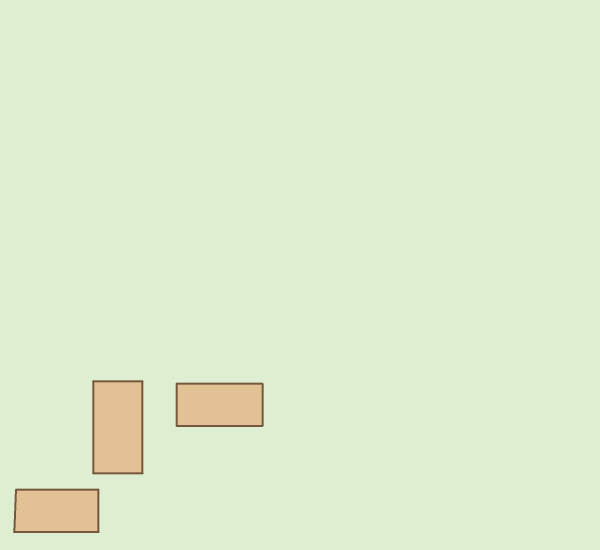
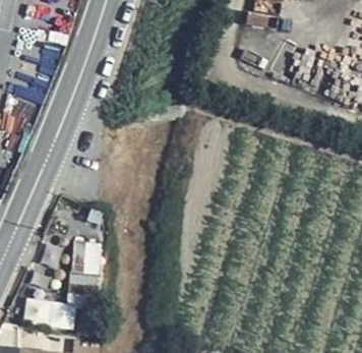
building: [177,384,262,426] -> none

